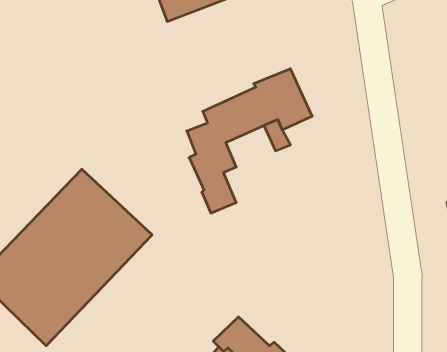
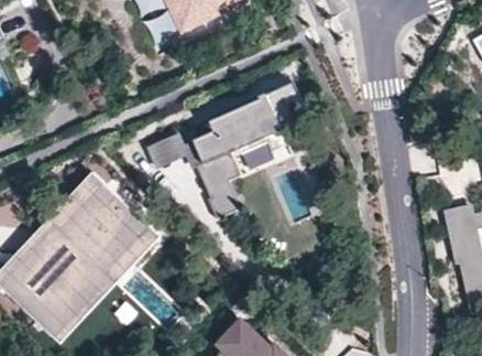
building: none -> [145,136,201,168]

